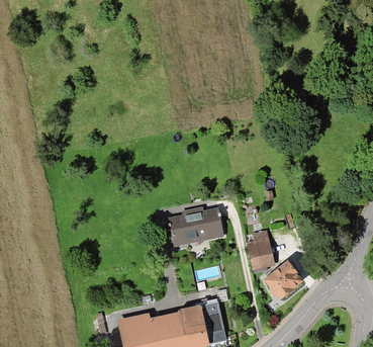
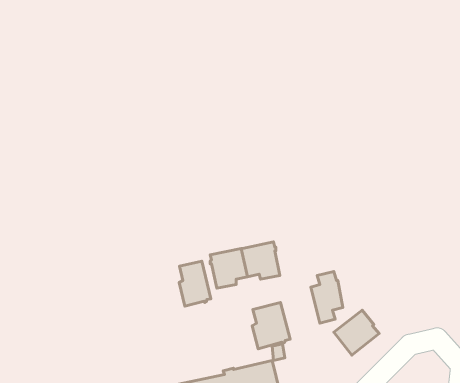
building: none -> [179,261,211,306]
building: none -> [252,303,290,349]

